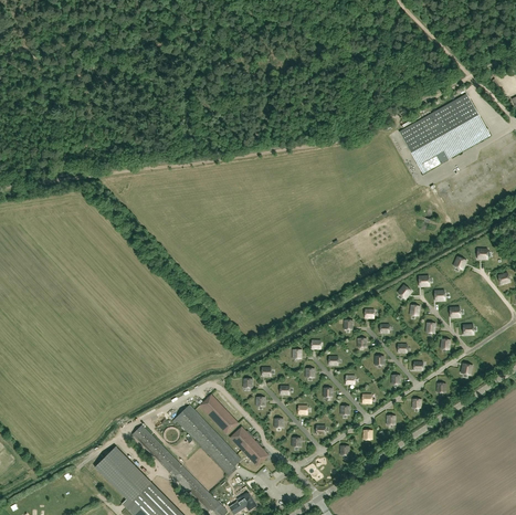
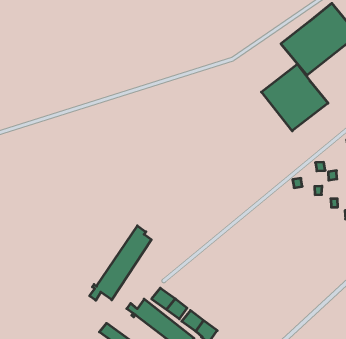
building: none -> [261,64,328,131]
building: none -> [90,226,151,300]

